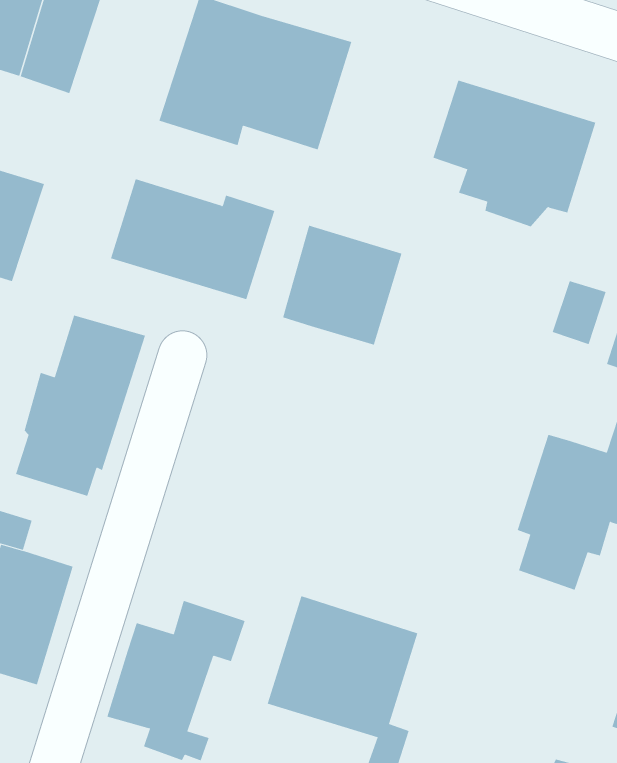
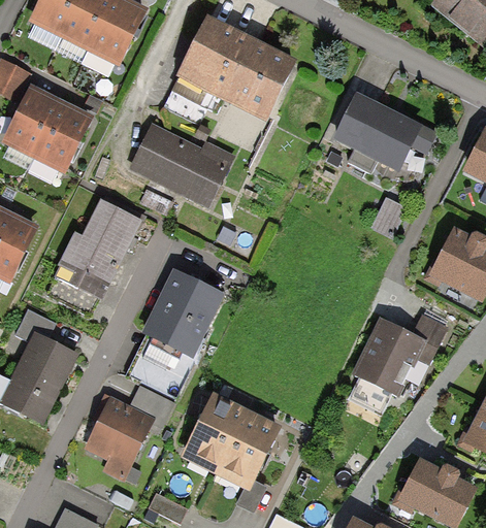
building: [282,225,402,345] -> none
building: [552,281,606,345] -> [370,196,408,237]
building: none -> [128,267,224,396]

